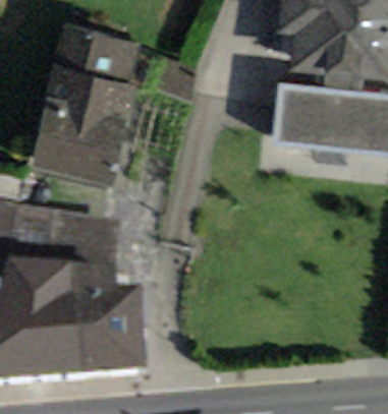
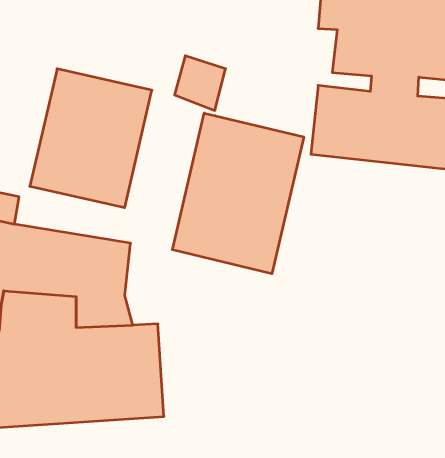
building: [52,27,133,86] -> none
building: none -> [172,113,304,274]

